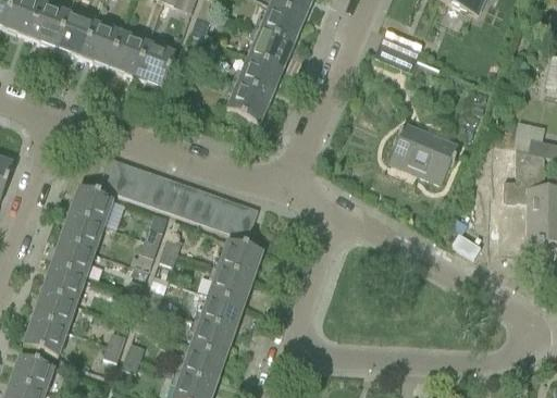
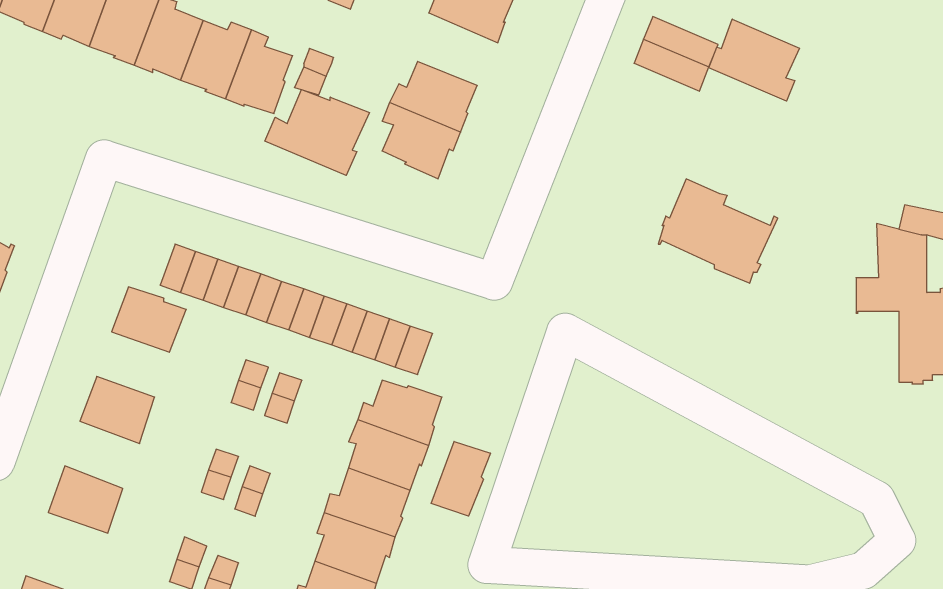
building: [248,26,295,69] -> none
building: none -> [709,19,800,101]
building: none -> [265,90,370,175]
building: [61,212,103,250] -> none
building: [42,264,86,303] -> none
building: none -> [431,441,490,516]
building: [24,318,67,356] -> none

